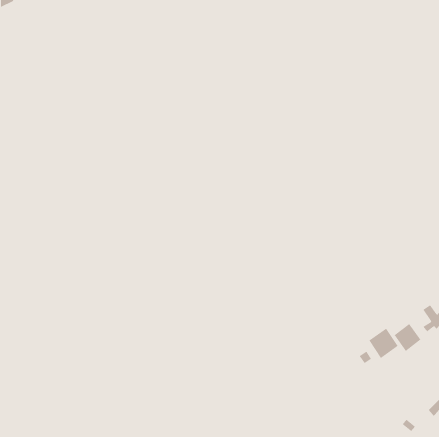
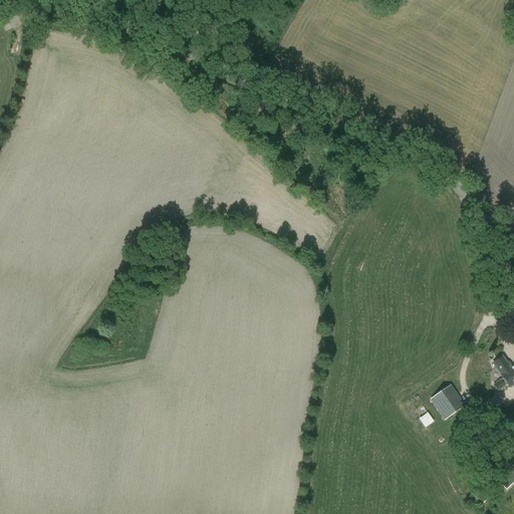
building: [394,323,421,352] -> none

